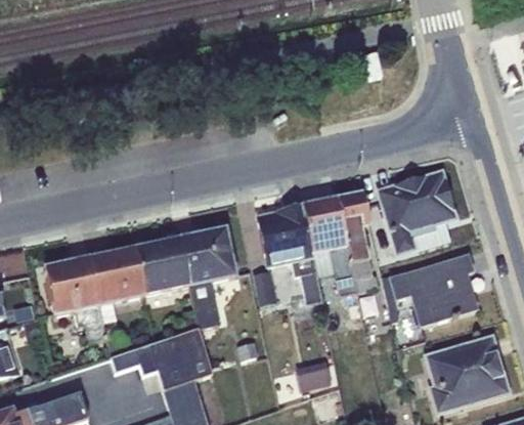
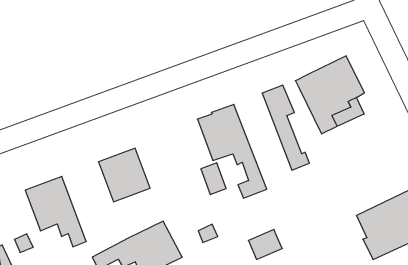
building: [302,197,357,296] -> none
building: [179,227,234,328] -> none
building: [89,247,155,356] -> none
building: [383,253,476,326] -> none

